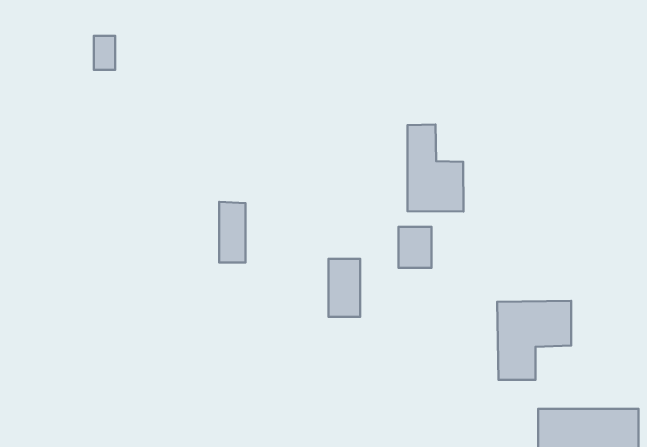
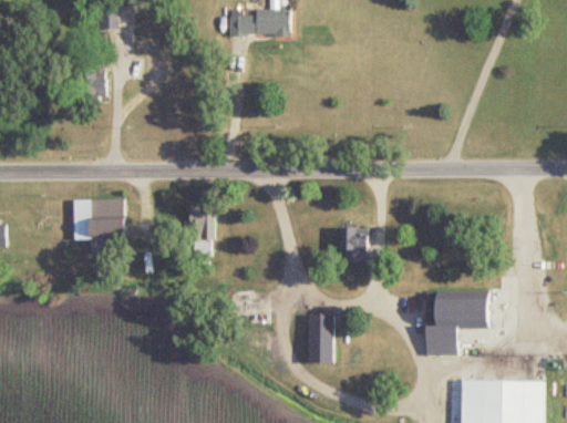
building: [408,125,464,211] -> none
building: none -> [73,198,126,252]
building: [329,259,360,317] -> [308,314,334,363]

